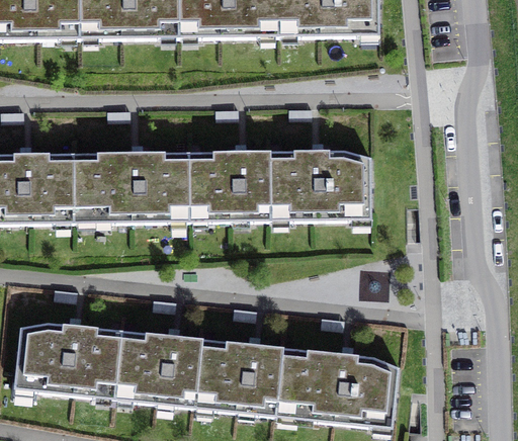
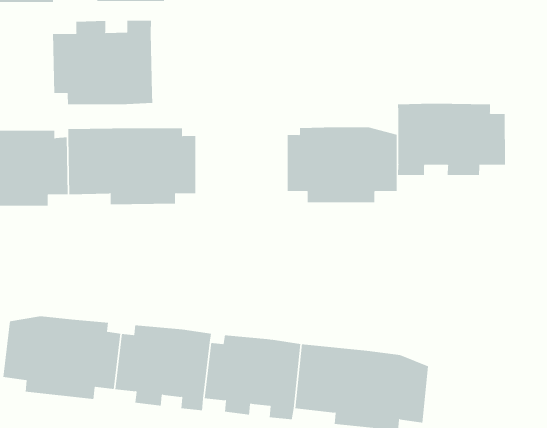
building: none -> [52,20,153,105]
building: none -> [398,103,505,176]
building: [186,151,269,220] -> none

